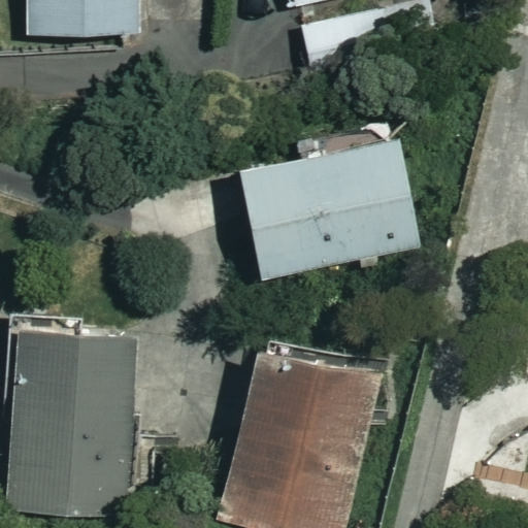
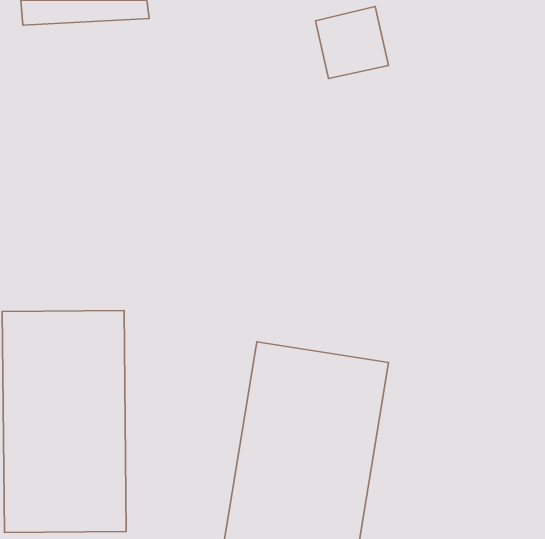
building: [235,120,419,272] -> none

